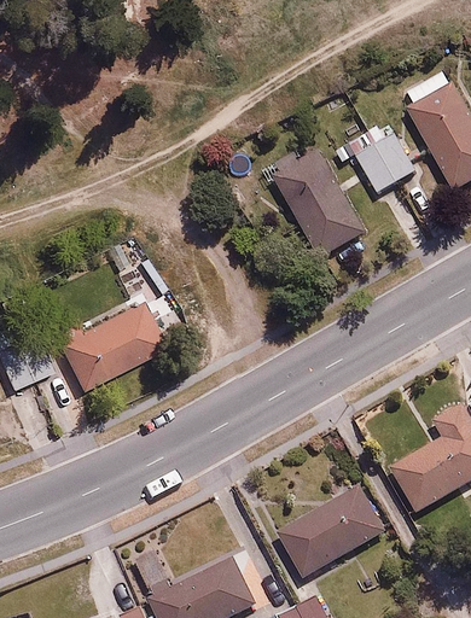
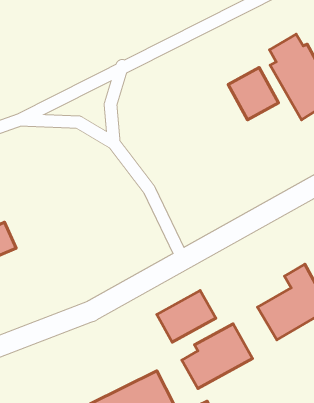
building: [268,148,365,260] -> none
building: [60,299,185,391] -> none
building: none -> [157,290,216,342]

